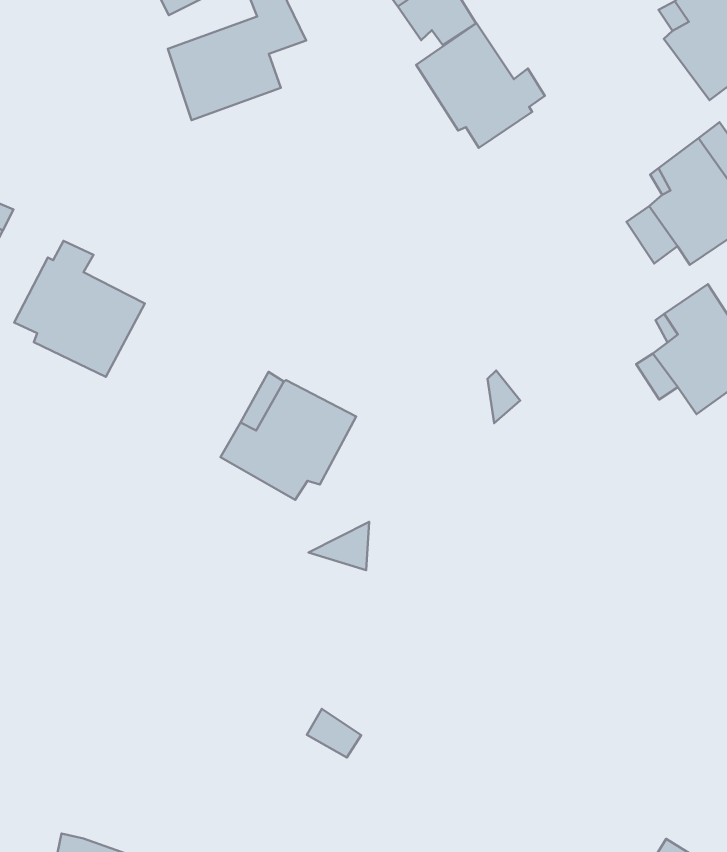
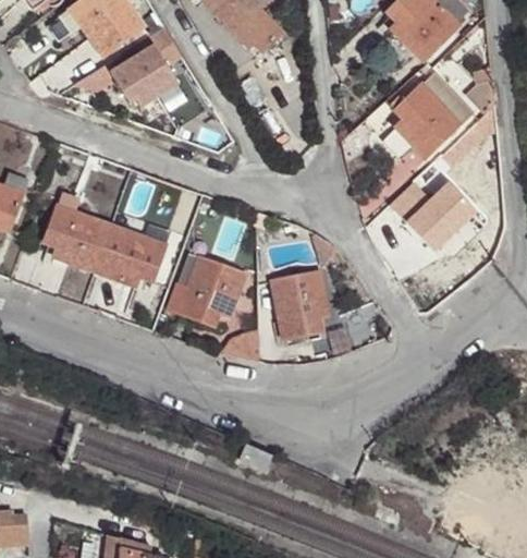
building: [416,23,545,148] -> none
building: none -> [96,225,167,286]
building: none -> [271,271,327,338]

